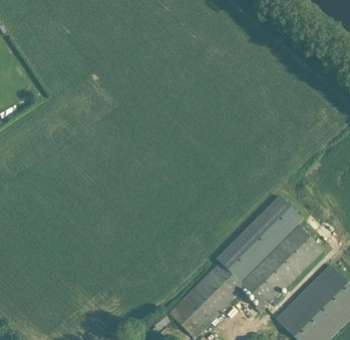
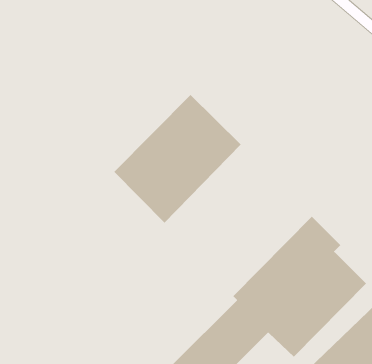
building: none -> [113,94,242,223]

